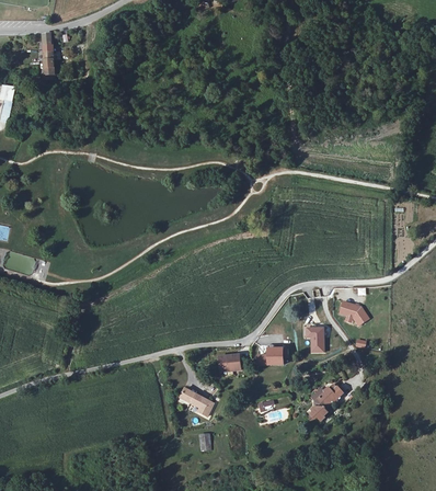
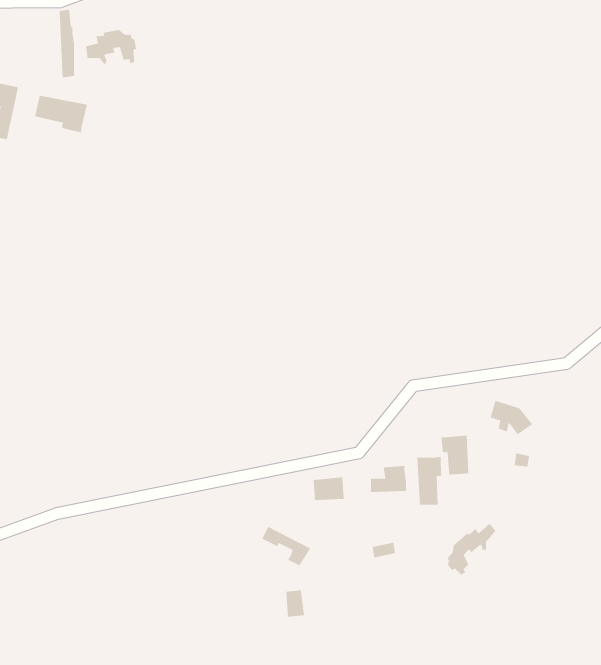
building: none -> [85,29,137,65]
building: none -> [34,95,87,133]
building: none -> [417,456,441,505]

